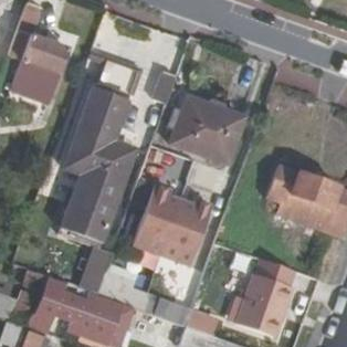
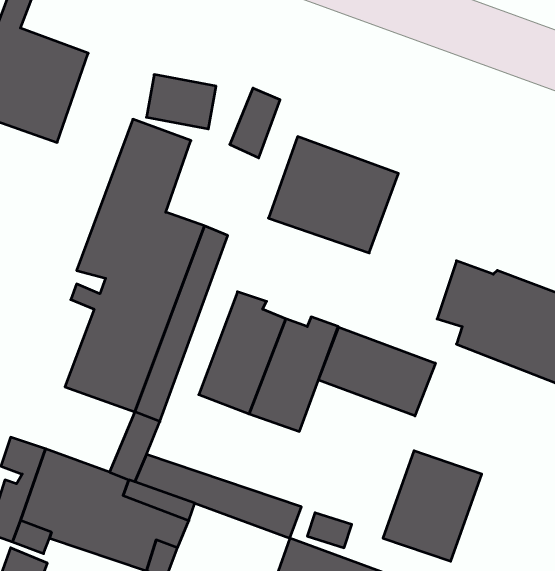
building: none -> [318,327,435,416]

